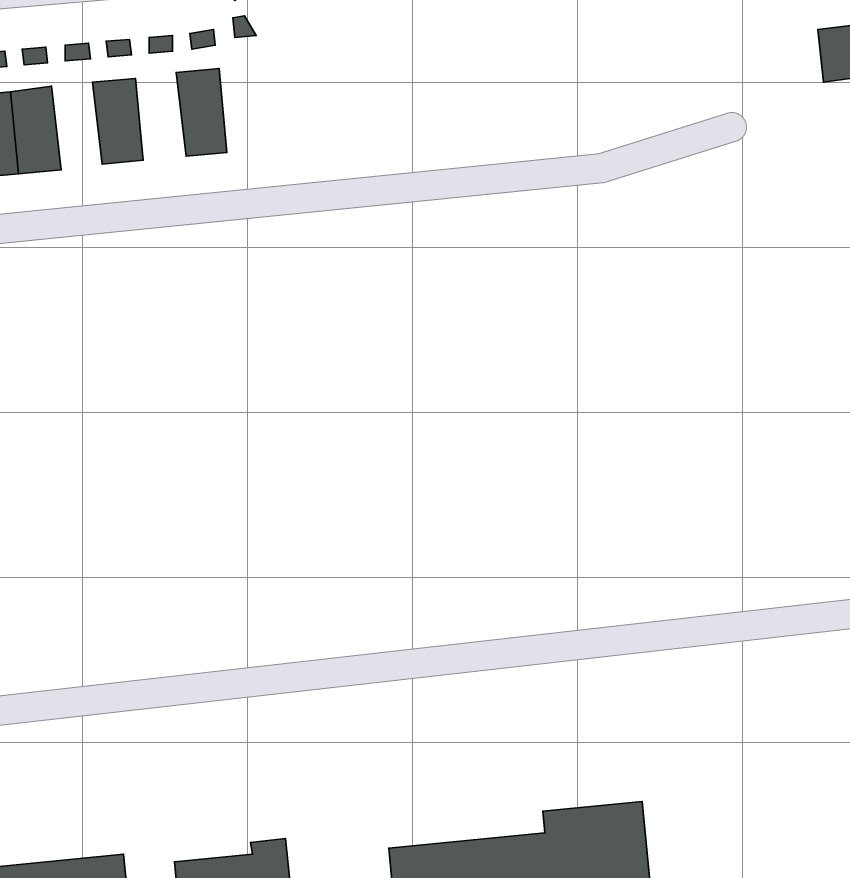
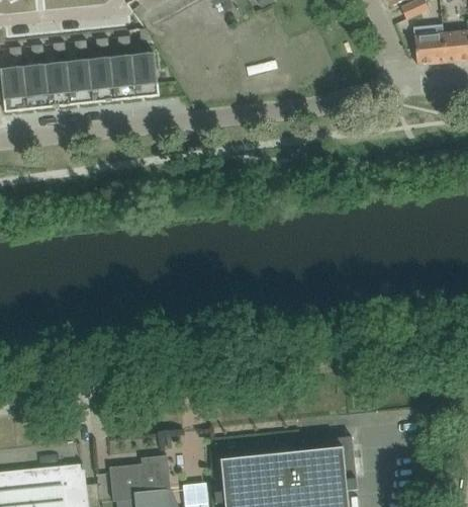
building: none -> [413,24,446,64]
building: none -> [132,53,159,98]
building: none -> [89,57,115,102]
building: none -> [45,62,72,107]

